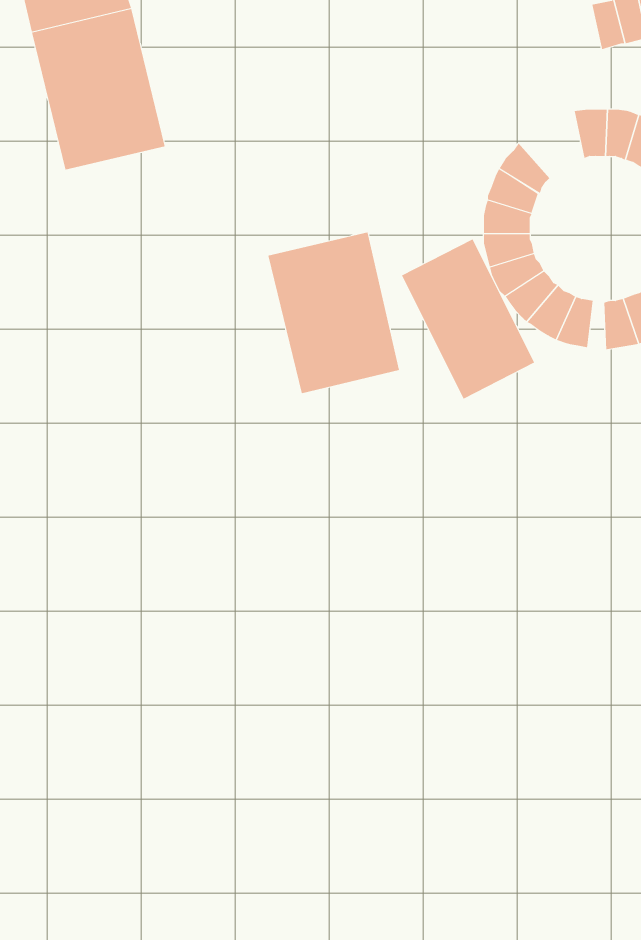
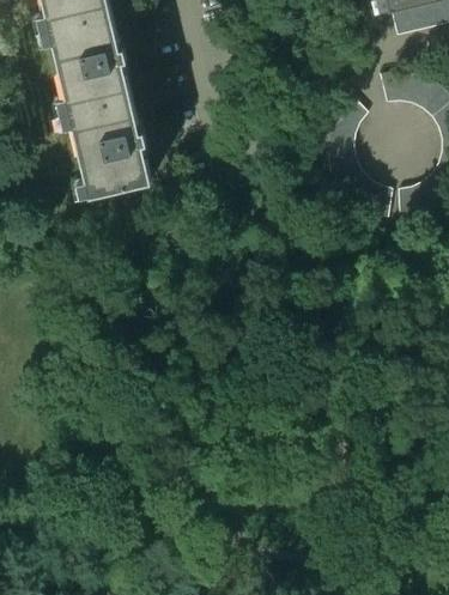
building: [267,232,400,394] -> [68,95,148,193]
building: [401,238,535,399] -> none

